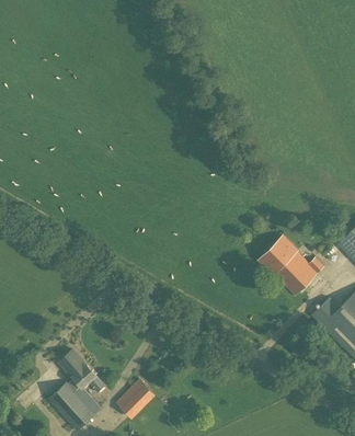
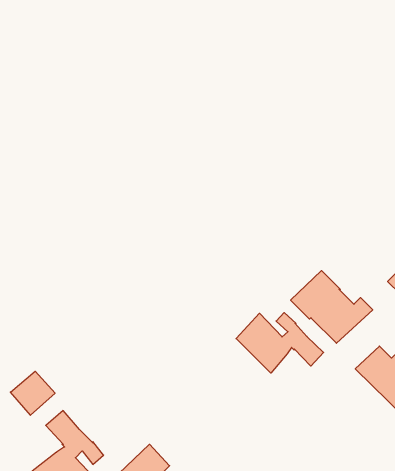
building: none -> [236,313,324,373]
building: none -> [10,371,55,415]

